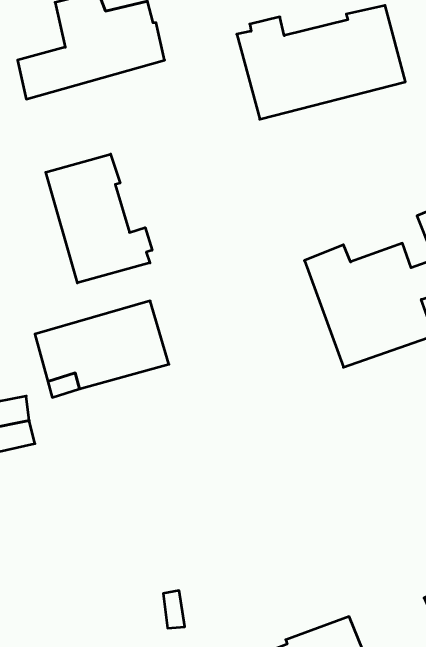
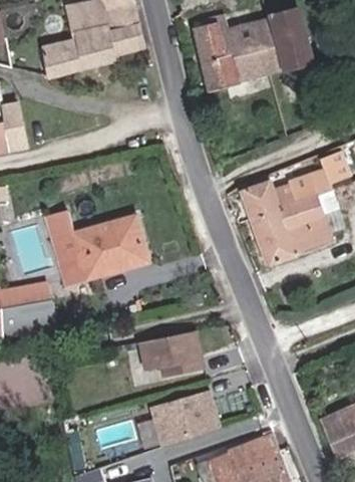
building: [46,154,152,283] -> none
building: none -> [144,330,204,375]
building: none -> [149,386,218,442]

